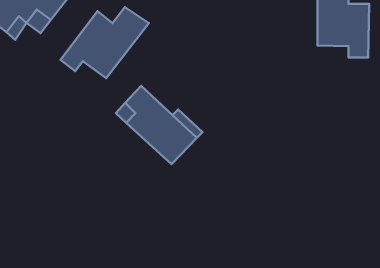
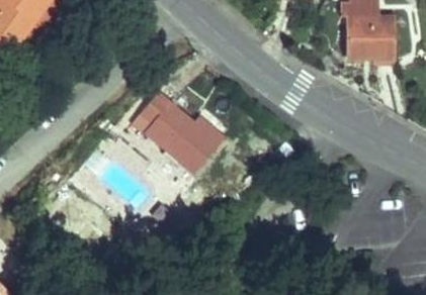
building: [61,7,149,78] -> none

